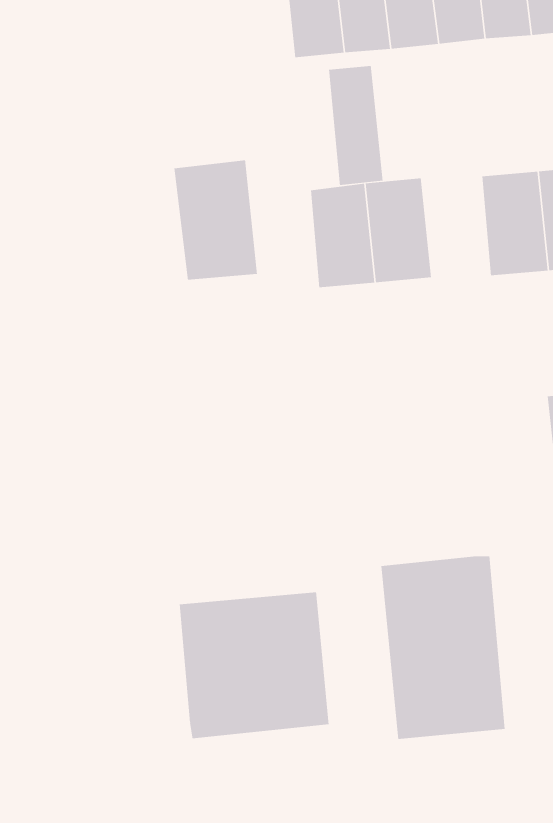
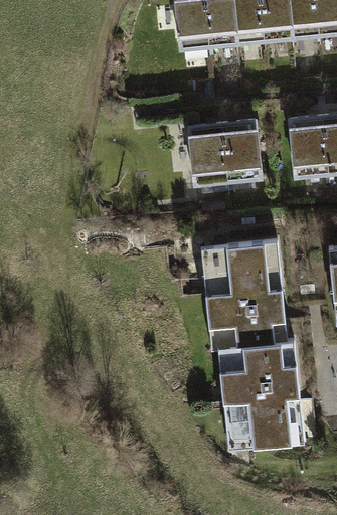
building: [329,65,383,186] -> none
building: [174,160,258,281] -> none
building: none -> [212,239,286,348]
building: [179,592,329,739] -> none

